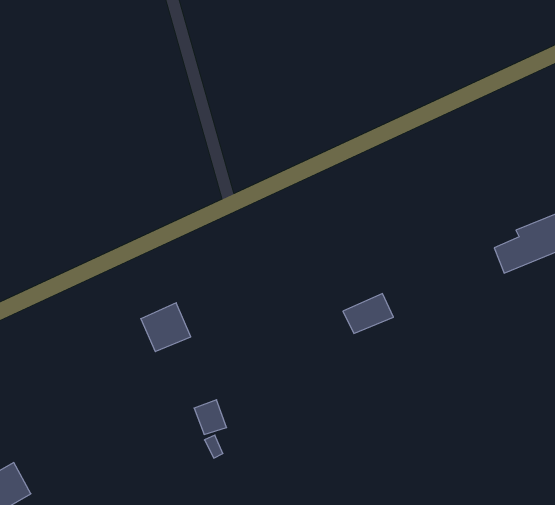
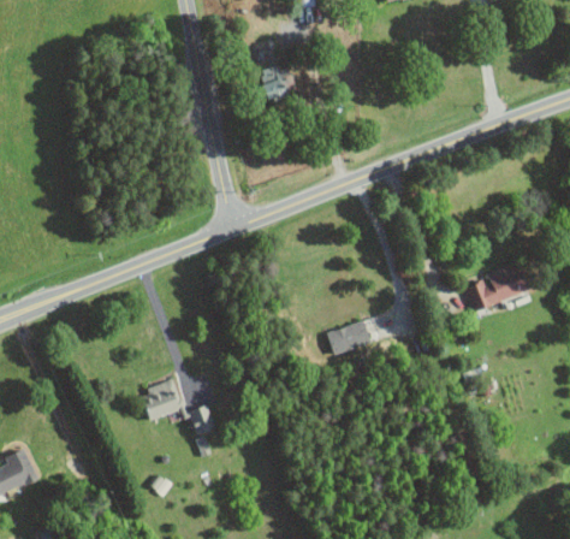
building: none -> [259,65,295,100]
building: [141,303,191,352] -> [141,378,184,420]

